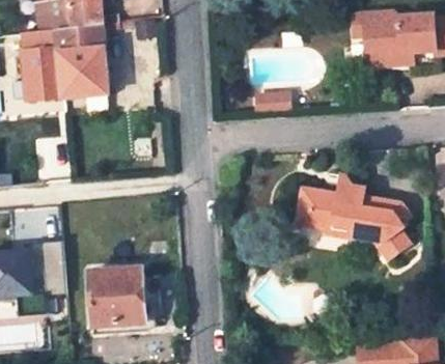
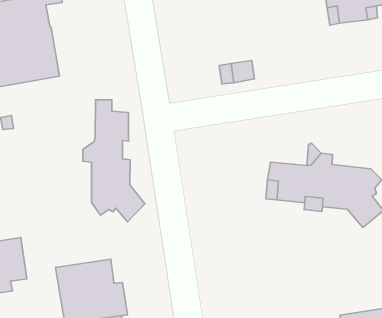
building: none -> [83,100,145,222]

